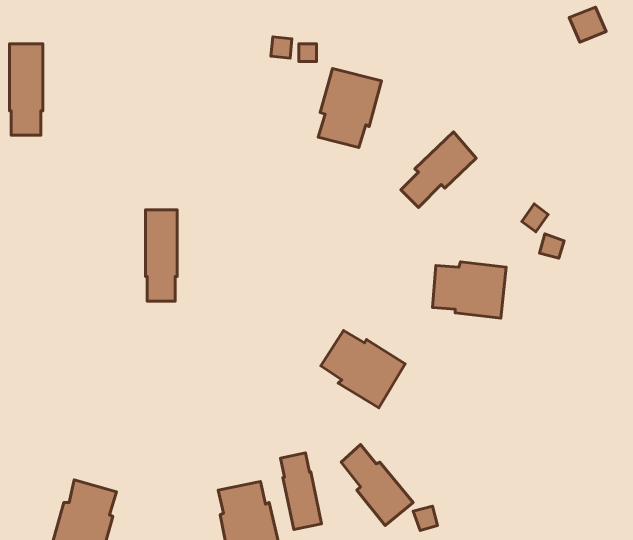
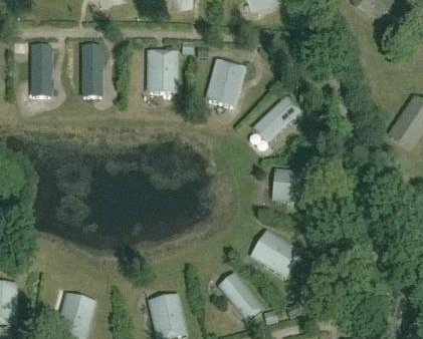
building: none -> [148,50,177,90]
building: [145,210,177,301] -> [82,45,100,97]
building: [321,331,405,408] -> [252,233,300,277]
building: [280,453,322,530] -> none

